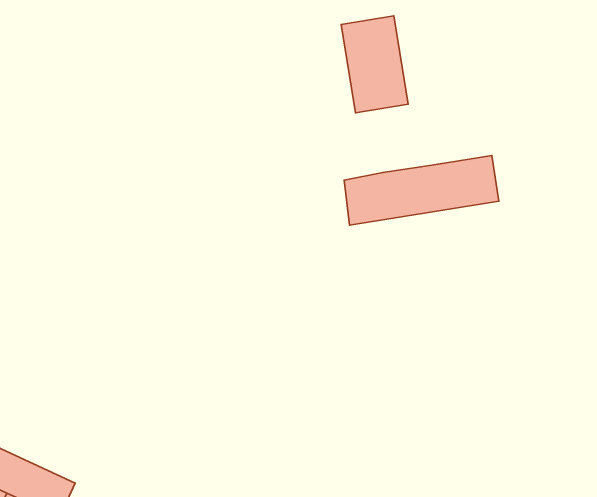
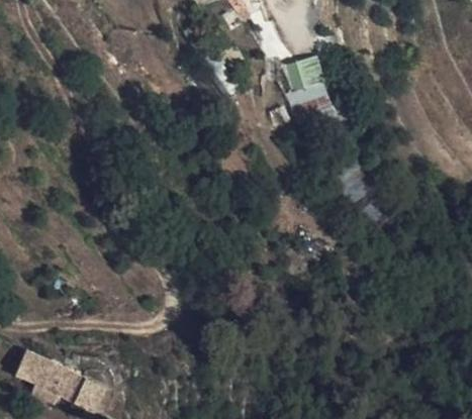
building: [344,156,499,225] -> none

